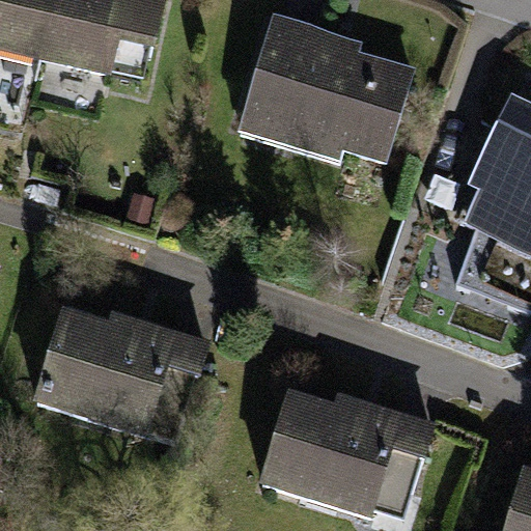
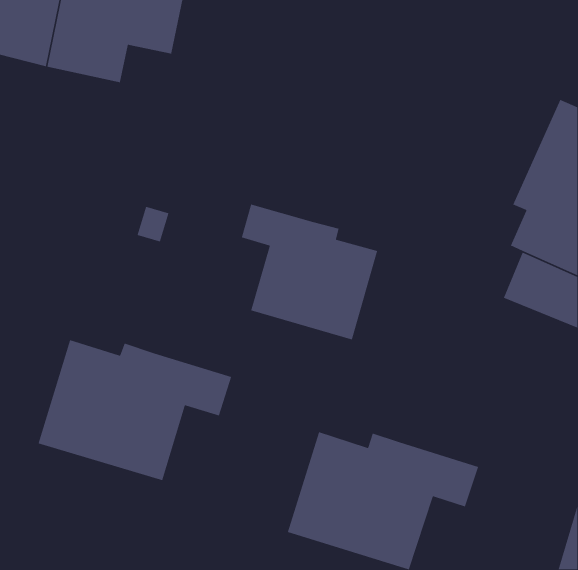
building: [240,13,418,164] -> none
building: none -> [241,204,378,341]

